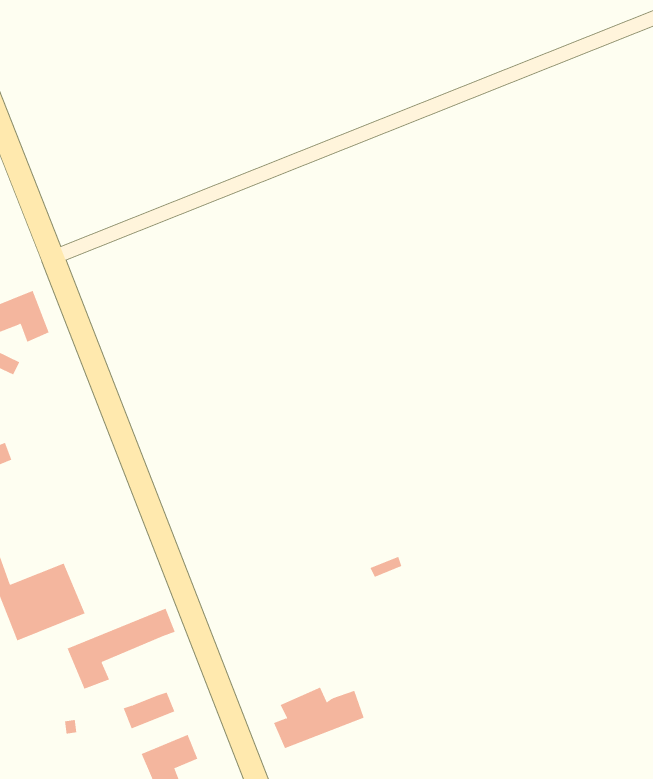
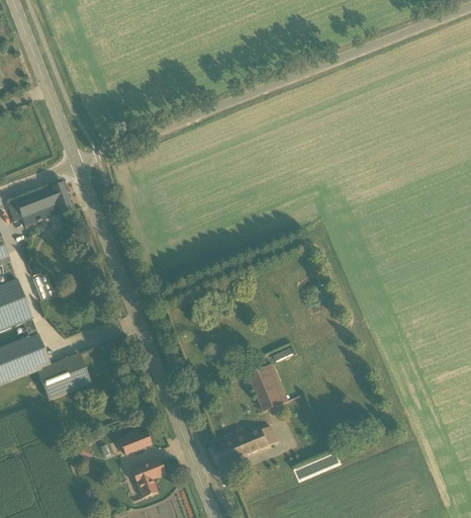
building: none -> [247,366,282,412]
building: [67,608,176,690] -> none

